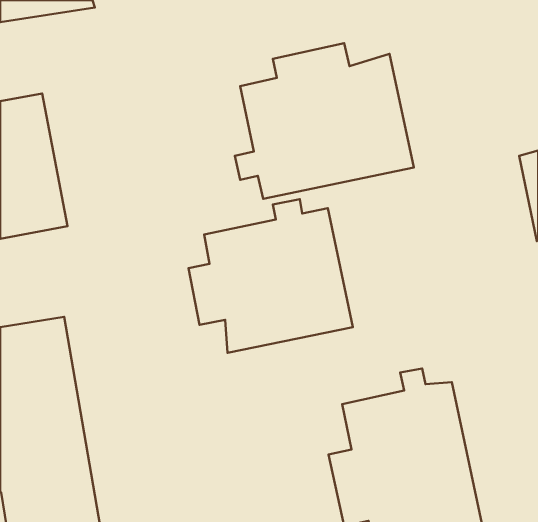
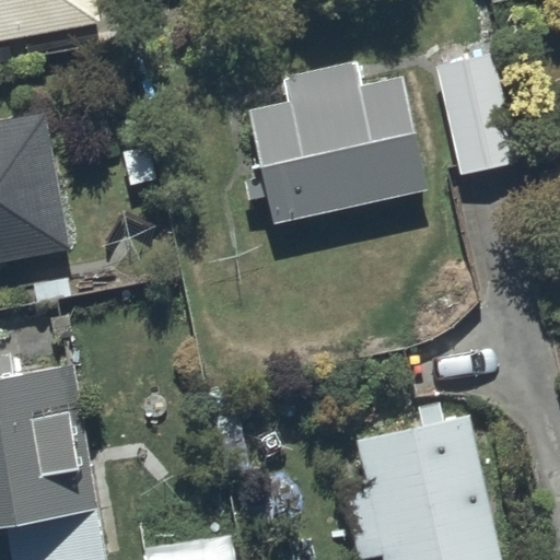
building: none -> [434,52,520,178]
building: [188,199,353,353] -> none

